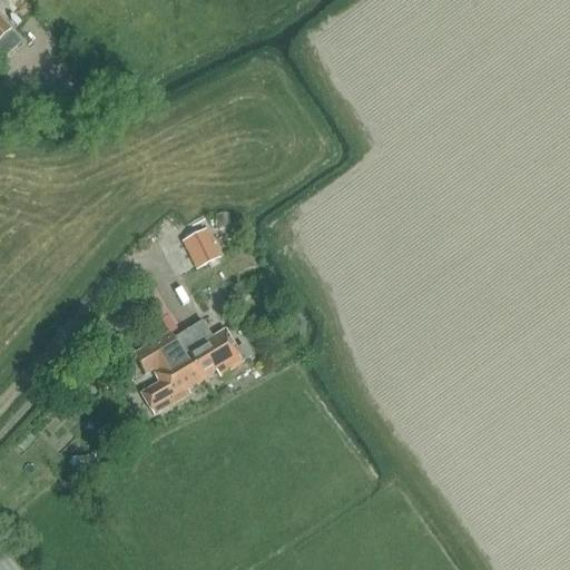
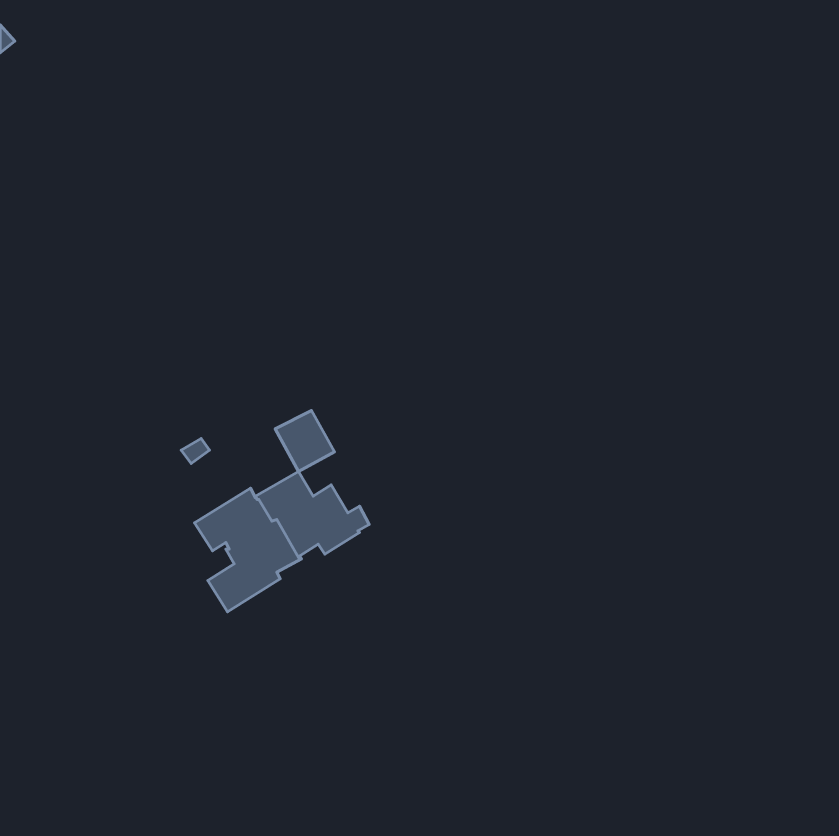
building: [180,226,220,267] -> [275,411,335,472]

